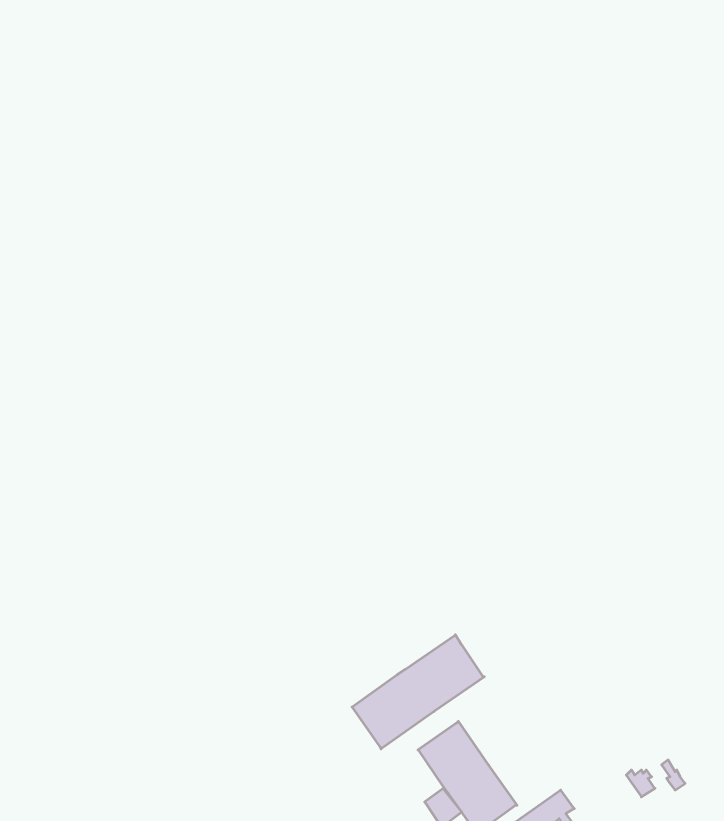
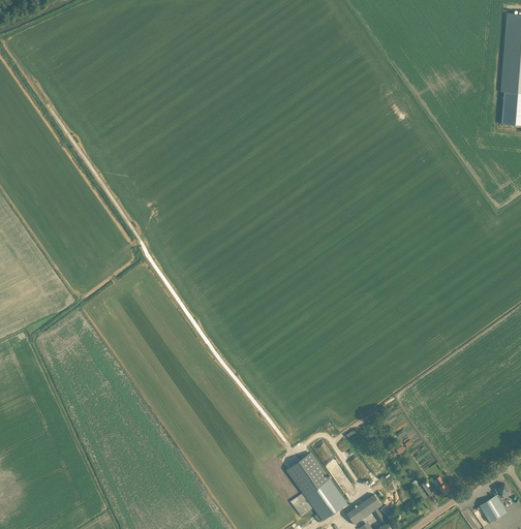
building: [352,635,484,749] -> none

